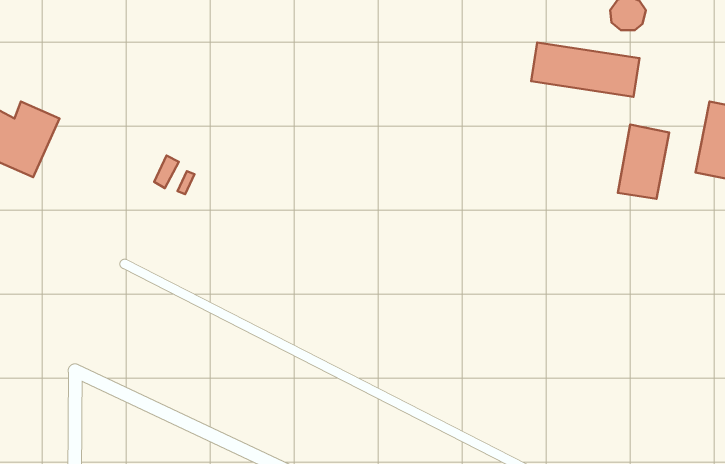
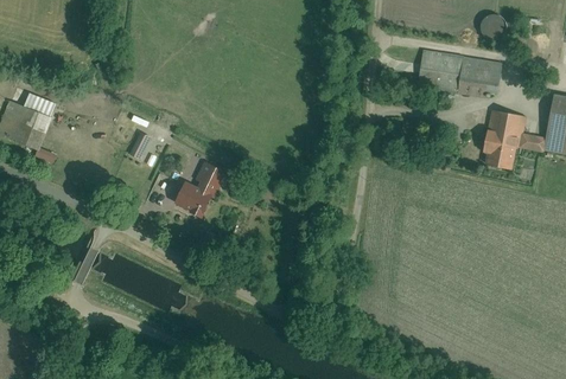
building: none -> [174,163,222,218]

